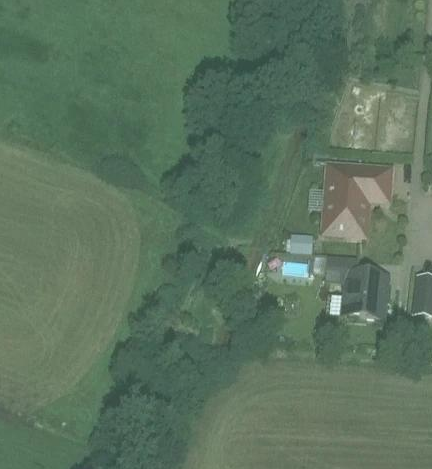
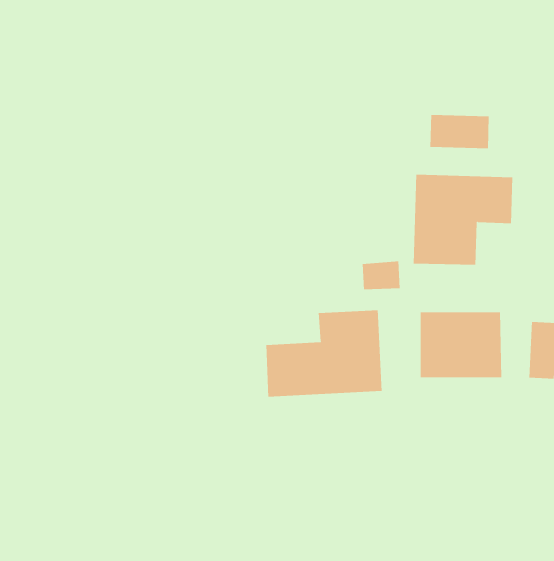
building: none -> [430,114,489,149]
building: none -> [266,310,382,398]

